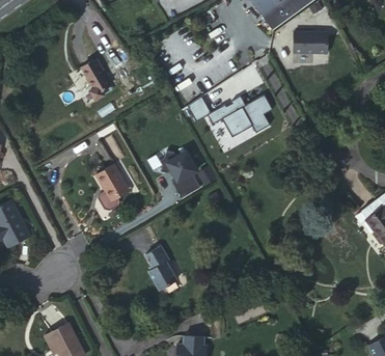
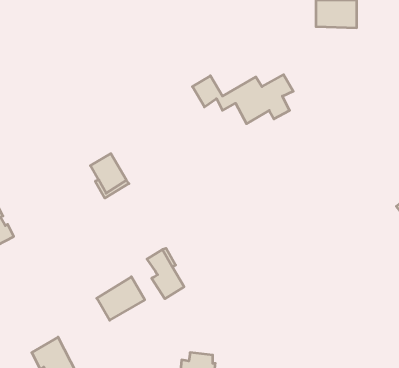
building: [81,59,110,101] -> none
building: [160,150,200,199] -> none
building: none -> [97,277,145,320]

